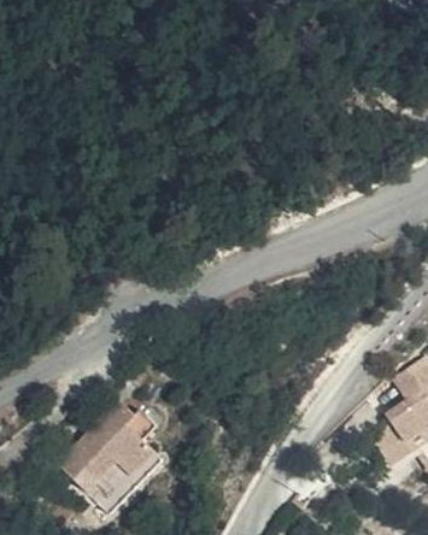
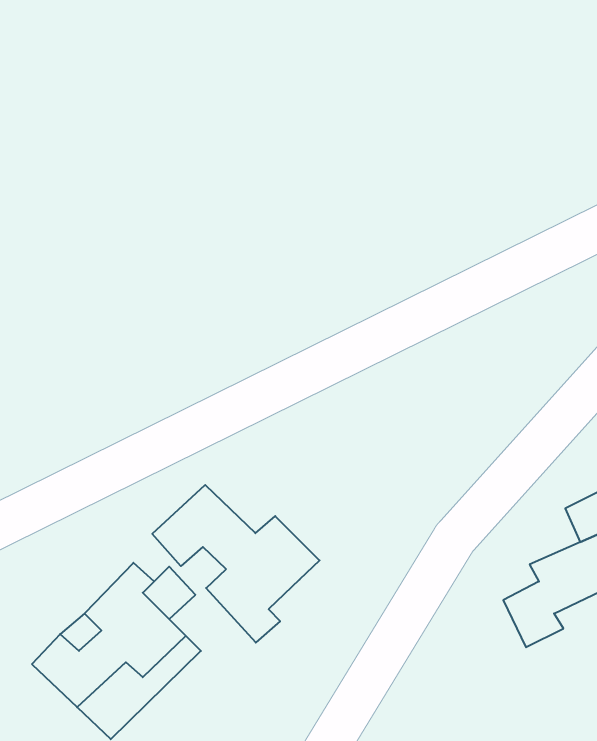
building: none -> [152,485,320,643]

